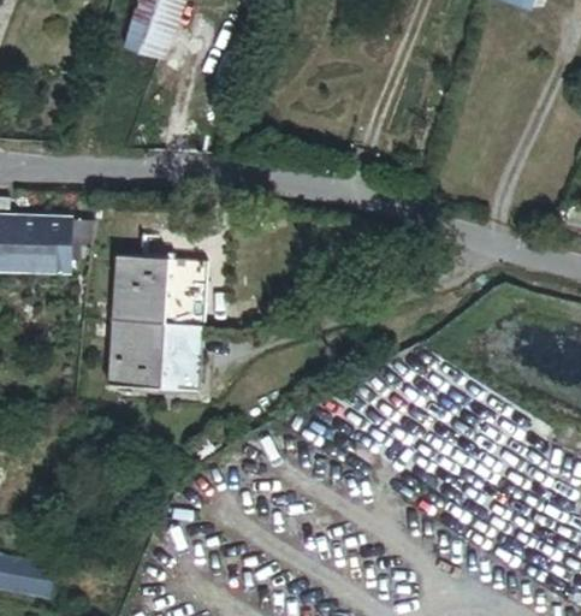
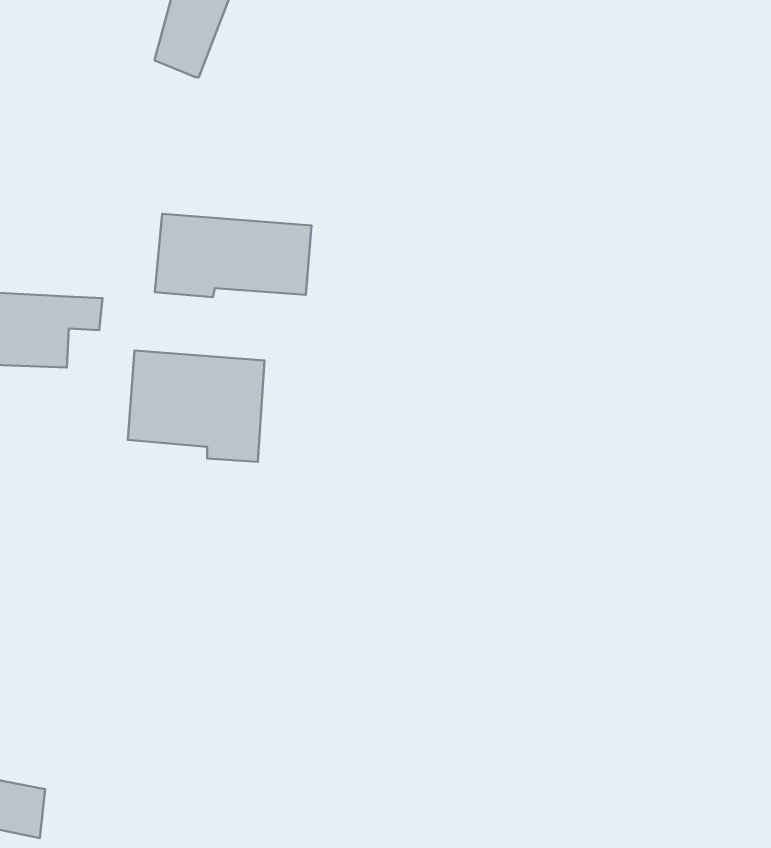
building: none -> [155,214,312,297]
building: [103,319,202,392] -> none

